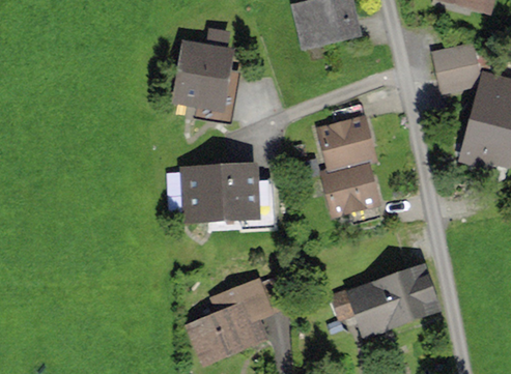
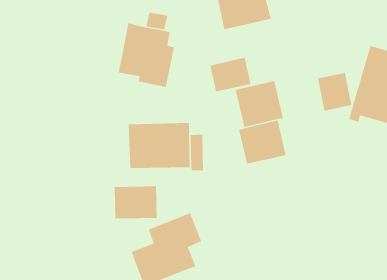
building: [432,45,476,93] -> [317,72,352,111]
building: none -> [209,57,251,92]
building: none -> [114,185,158,219]
building: [345,264,441,341] -> none

